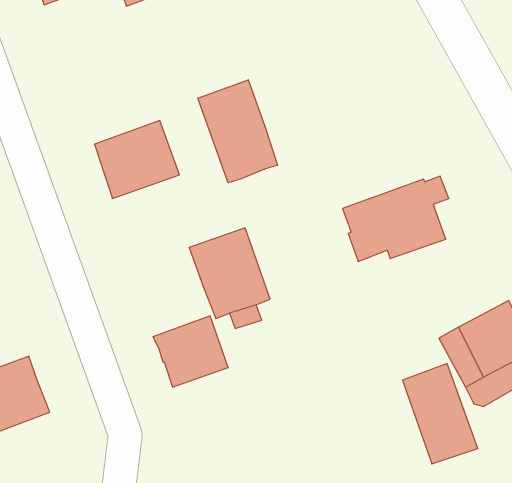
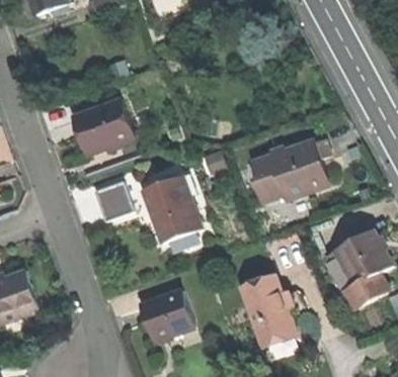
building: [198,80,278,183] -> none
building: none -> [93,181,132,220]
building: [153,316,228,387] -> [139,289,193,341]
building: [403,364,478,464] -> [241,274,296,347]

